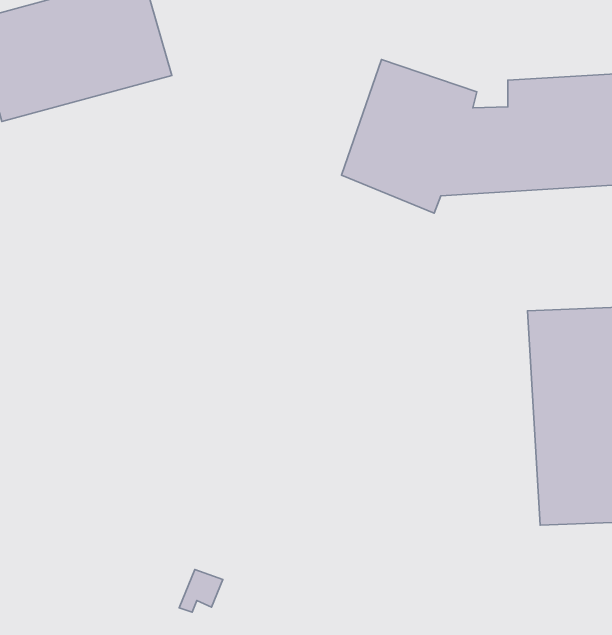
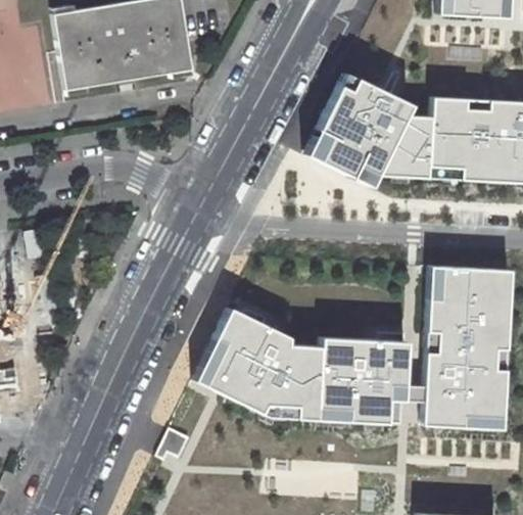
building: none -> [195,309,409,424]

